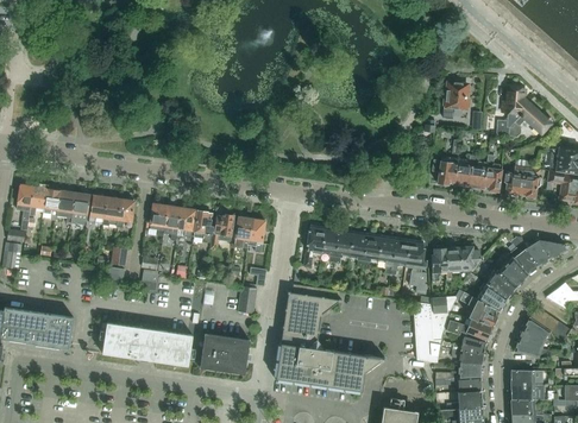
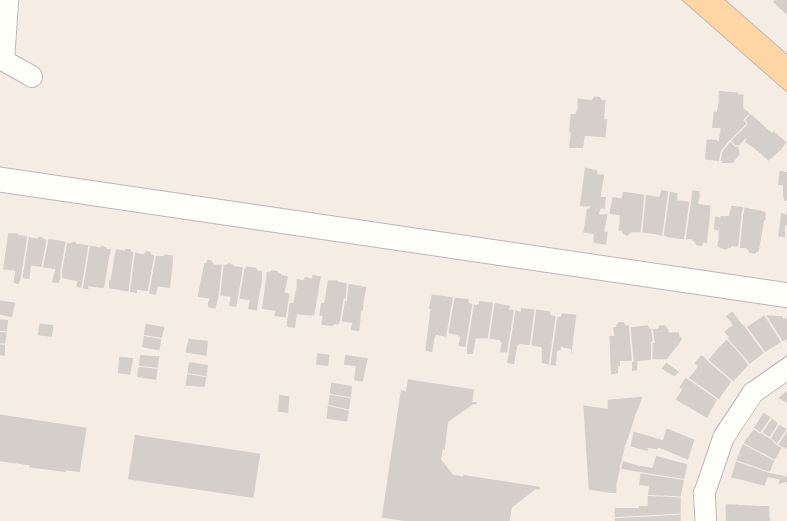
building: [441,82,469,118] -> [568,96,608,148]
building: [406,240,426,293] -> [579,167,609,245]
building: [466,296,498,326] -> none
building: [200,334,249,374] -> none

